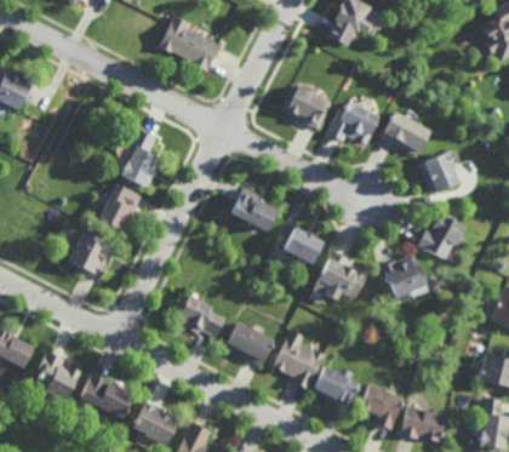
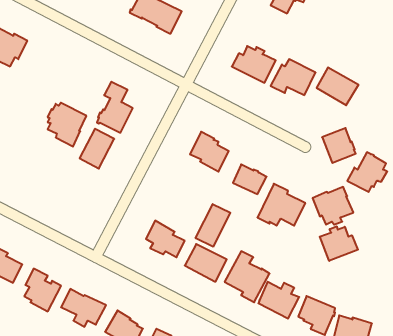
building: [421,153,461,194] -> [322,128,356,163]
building: [68,229,114,281] -> [48,103,86,147]
building: none -> [196,204,230,247]
building: none -> [320,226,358,261]

